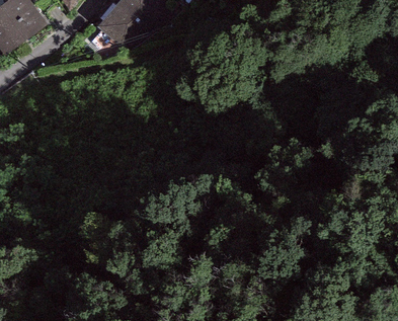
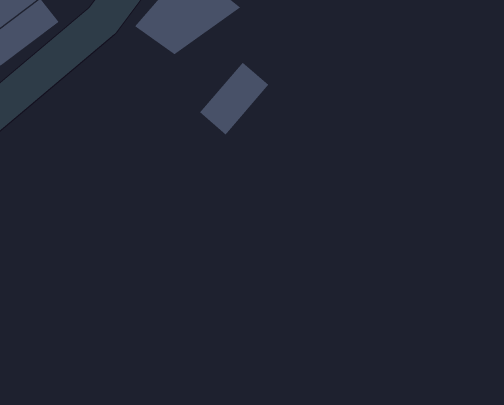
building: none -> [199,62,269,135]

